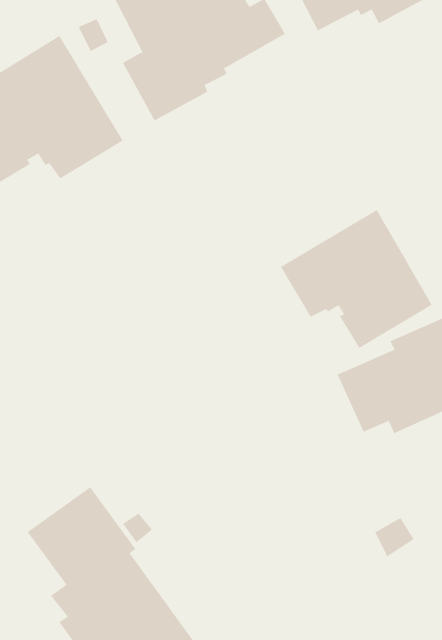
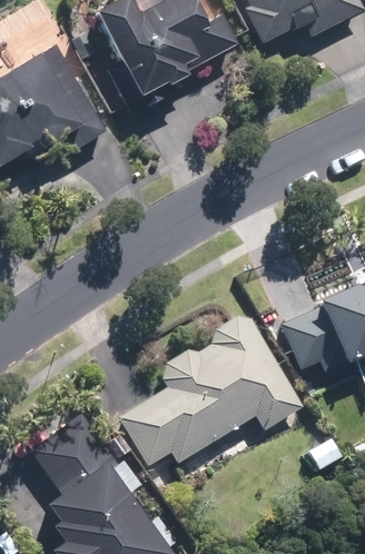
building: [280,209,433,349] -> none
building: none -> [119,313,304,464]

